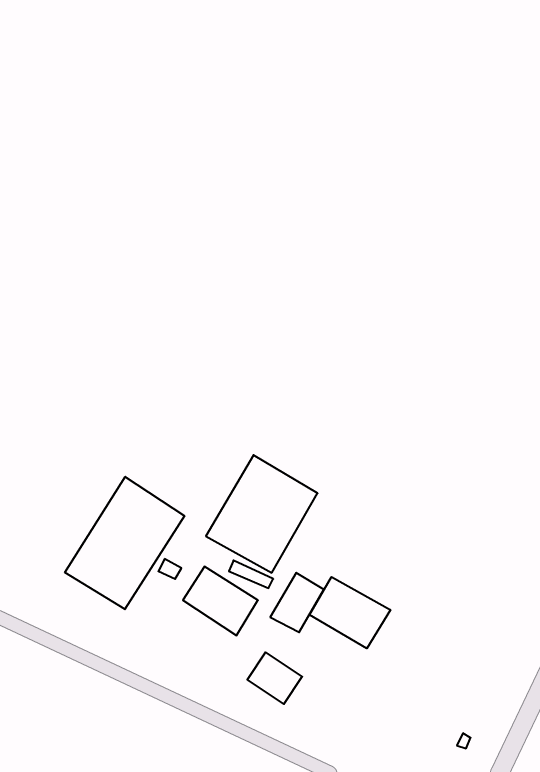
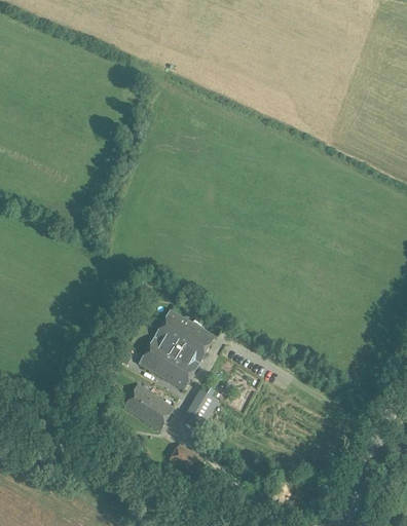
building: [65,477,184,609] -> none
building: [310,577,390,648] -> none

